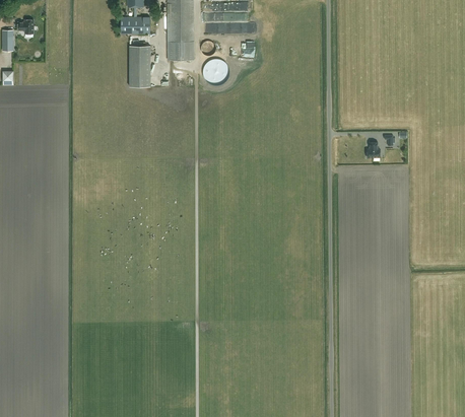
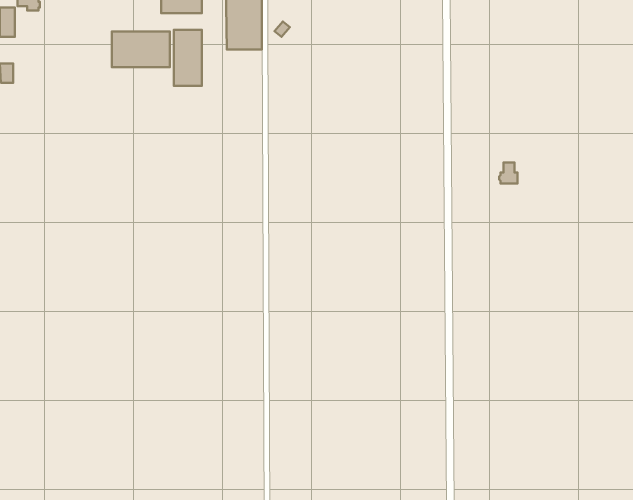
building: none -> [112,31,170,67]

